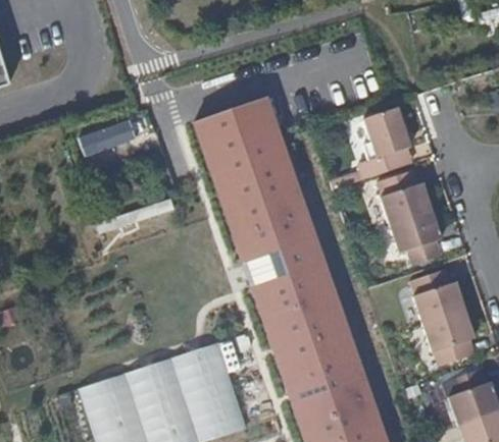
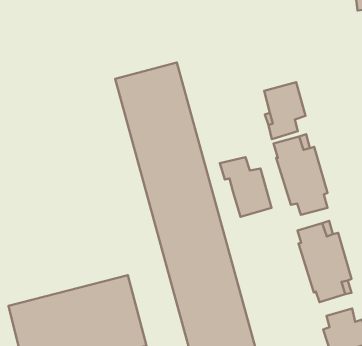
building: [87,117,145,157] -> none
building: none -> [220,157,272,217]

